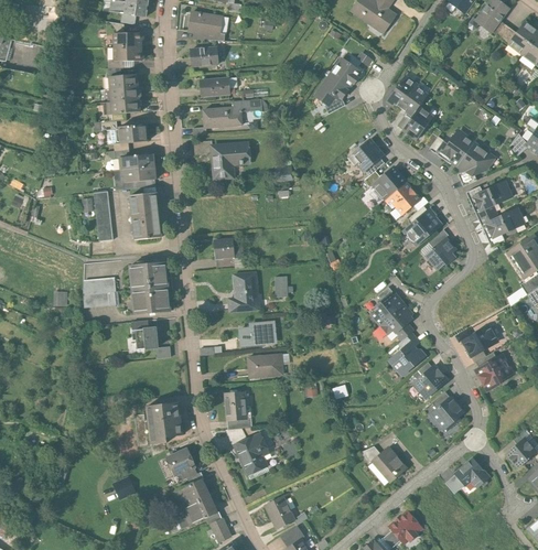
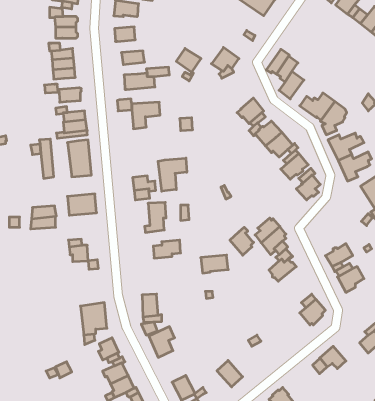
building: [331,56,363,87] -> [176,48,201,72]
building: none -> [158,158,187,191]
building: [132,285,170,315] -> none
building: none -> [230,227,254,255]
building: [248,353,283,376] -> [201,255,228,273]
building: [410,362,448,398] -> none
building: [373,446,406,481] -> [217,360,243,387]

